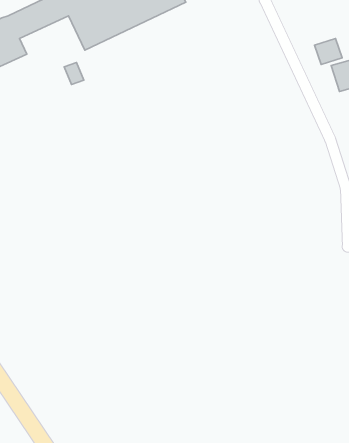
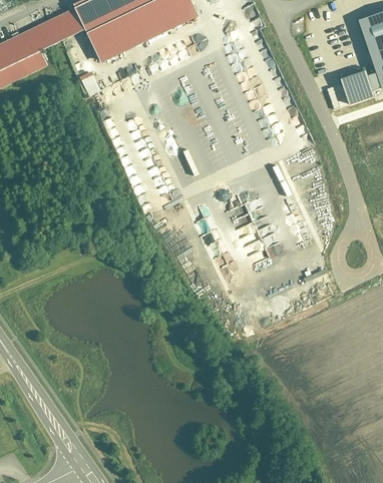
building: [314,39,342,65] -> none

